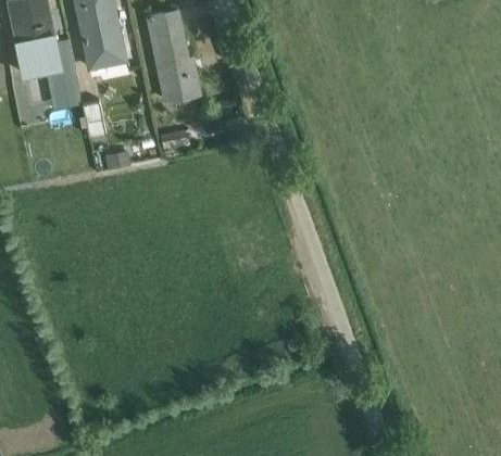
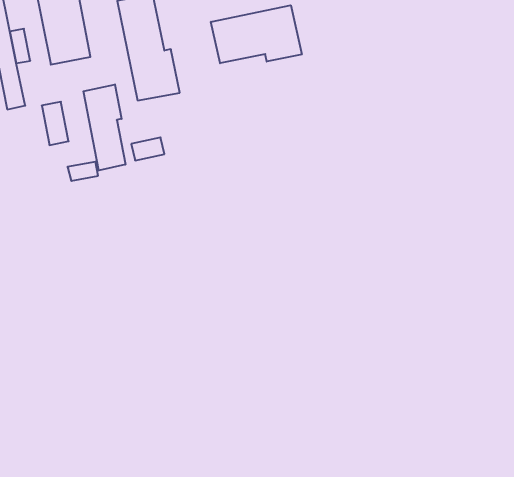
building: none -> [211,5,302,63]
building: none -> [83,84,125,170]

